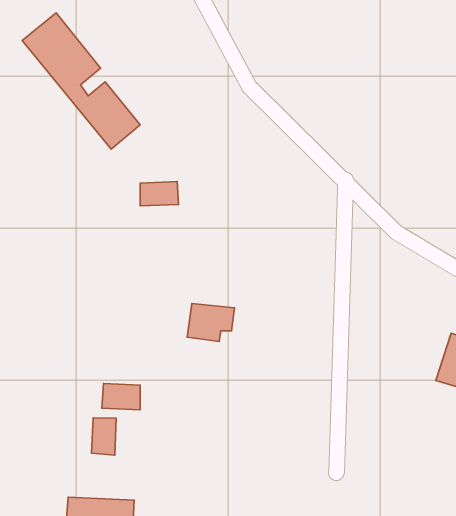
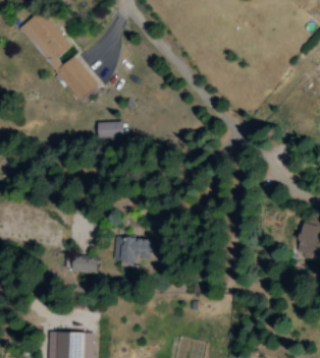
building: [187,303,235,342] -> [114,238,146,263]
building: [92,418,116,455] -> none

